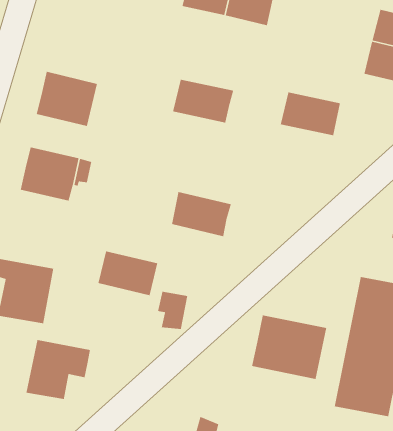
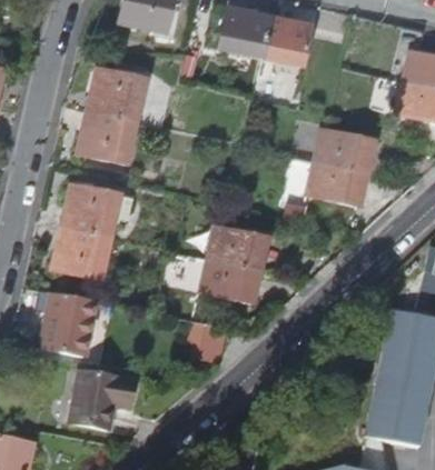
building: none -> [87,69,146,122]
building: [172,79,234,123] -> [306,162,366,206]
building: none -> [52,226,109,280]
building: [97,250,158,296] -> [200,259,259,303]
building: [251,315,327,380] -> none

